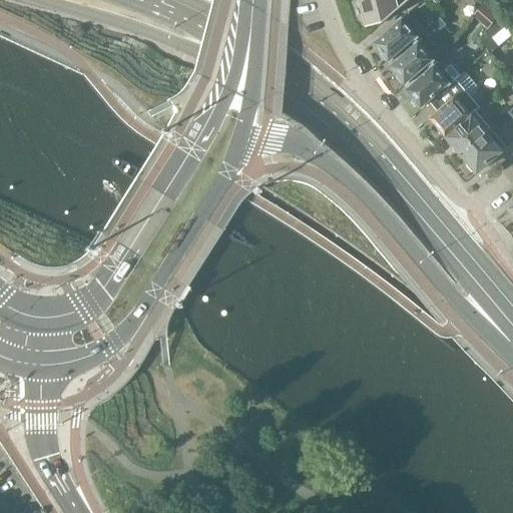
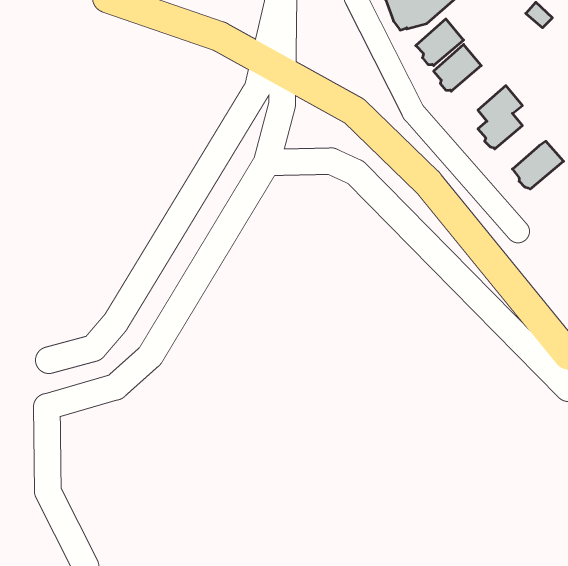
building: [407,64,457,106] -> none
building: [446,99,493,152] -> none

